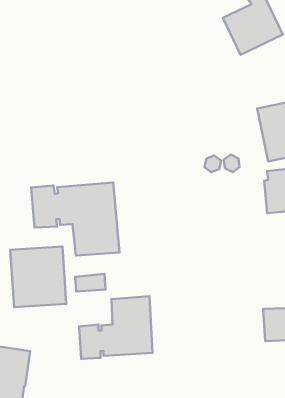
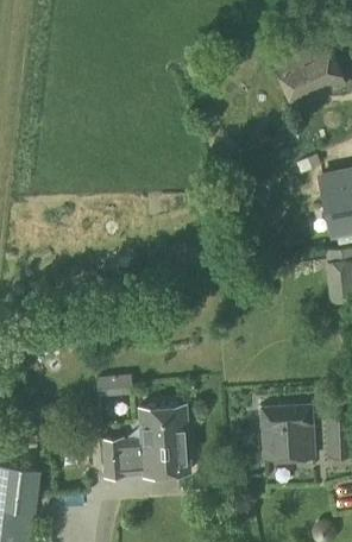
building: [31,183,119,255] -> none
building: [10,247,66,307] -> none
building: none -> [259,403,313,460]

